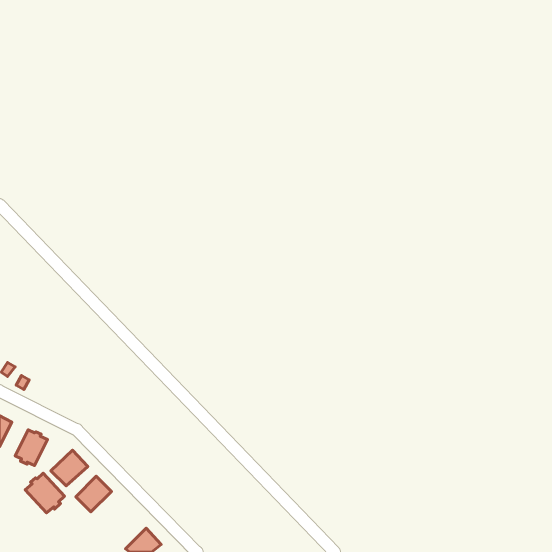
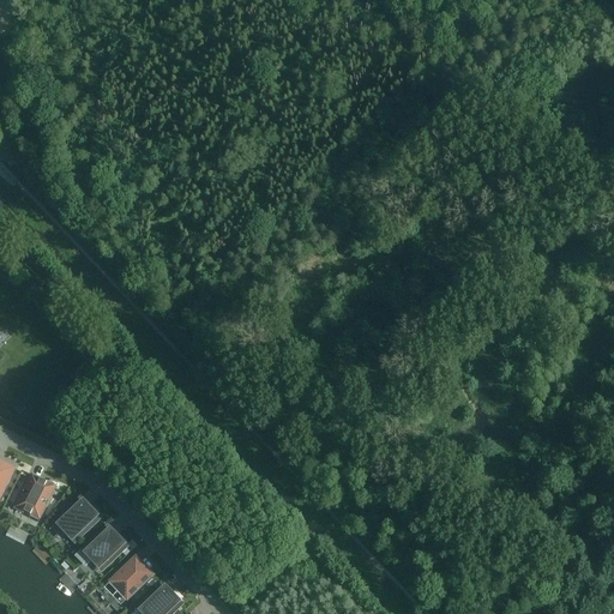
building: [25,473,65,513] -> none
building: none -> [113,556,151,595]

